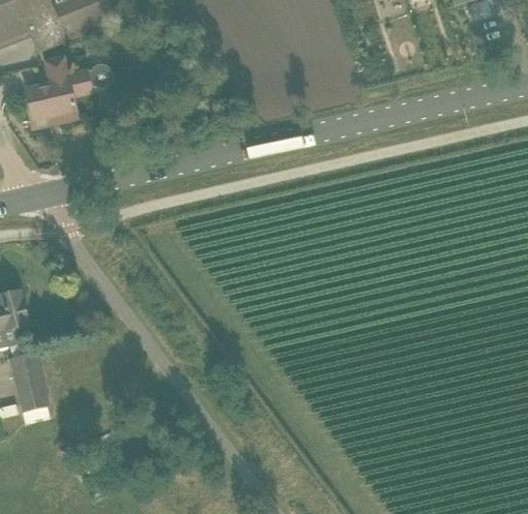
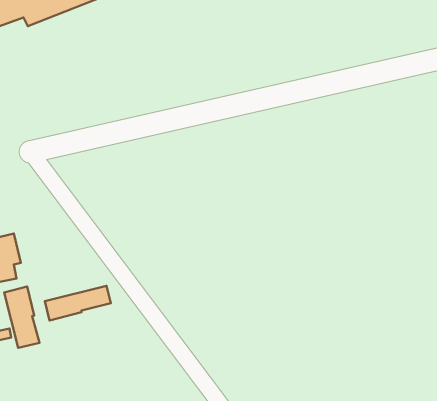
building: [23,52,111,117] -> none
building: none -> [45,286,111,320]

